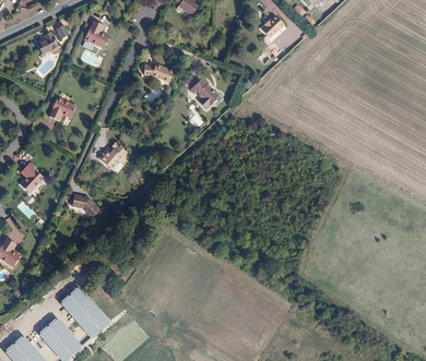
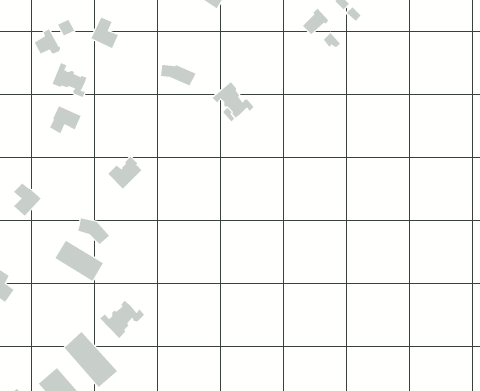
building: none -> [52,62,87,98]
building: none -> [55,240,104,282]
building: none -> [99,300,145,339]

